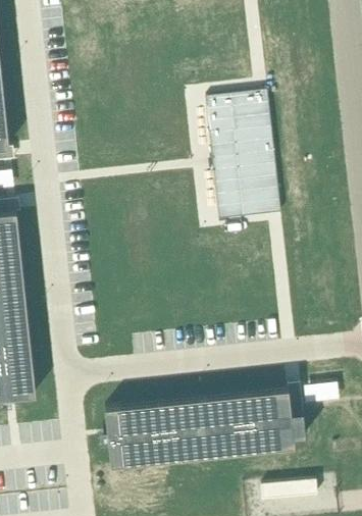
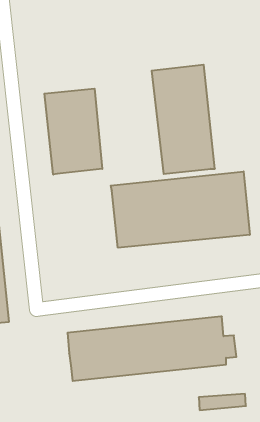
building: none -> [44,89,102,175]
building: none -> [111,171,250,248]

